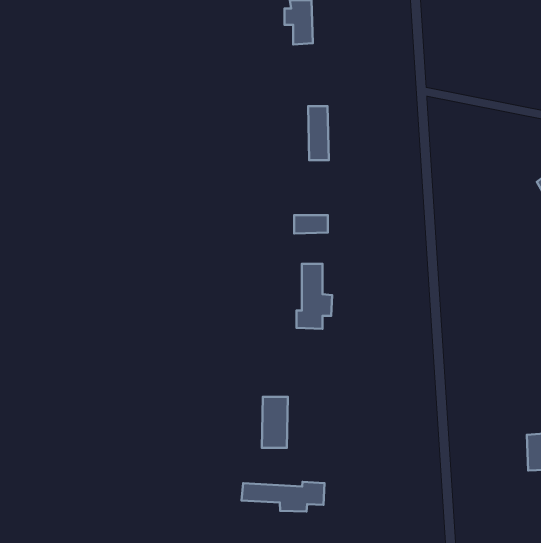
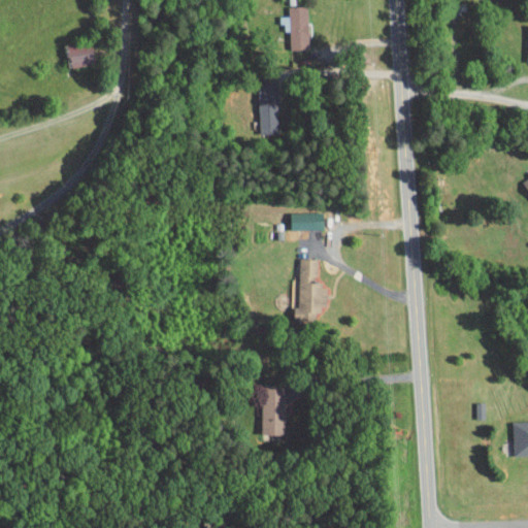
building: none -> [67,44,95,68]
building: [308,106,329,160] -> [259,84,278,135]
building: [241,482,324,511] -> none

